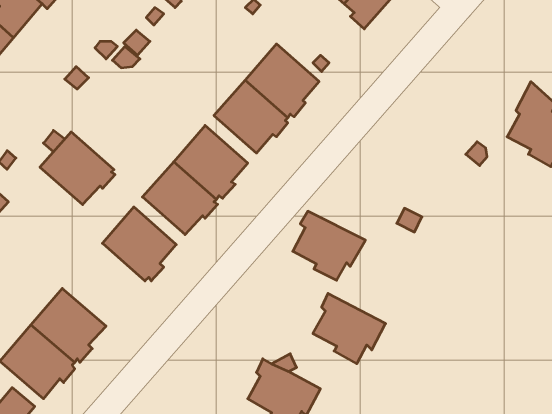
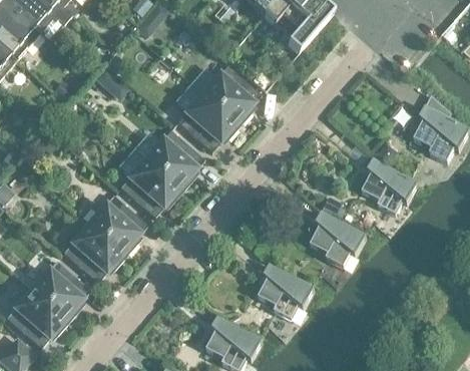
building: [40,132,115,205] -> [62,223,122,281]
building: none -> [360,157,417,214]
building: [293,211,365,280] -> [308,211,366,266]

